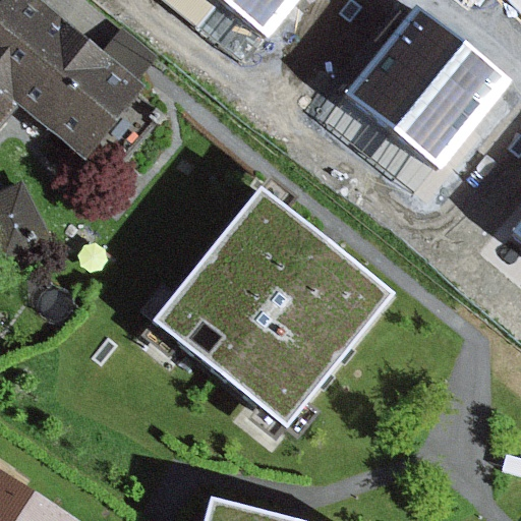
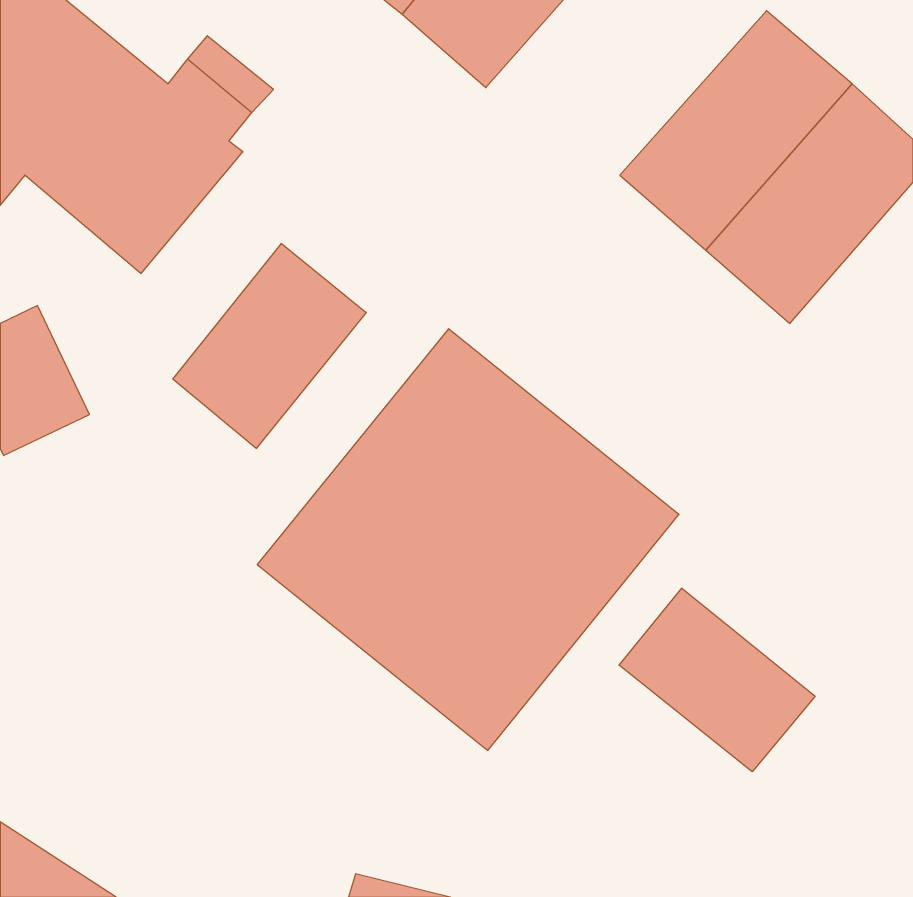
building: none -> [173,243,366,448]
building: none -> [619,588,815,772]

